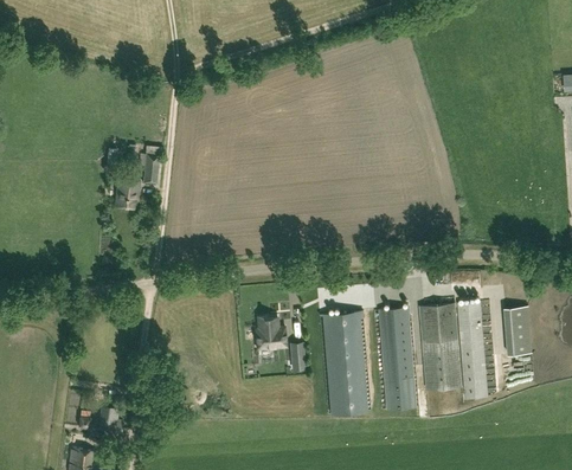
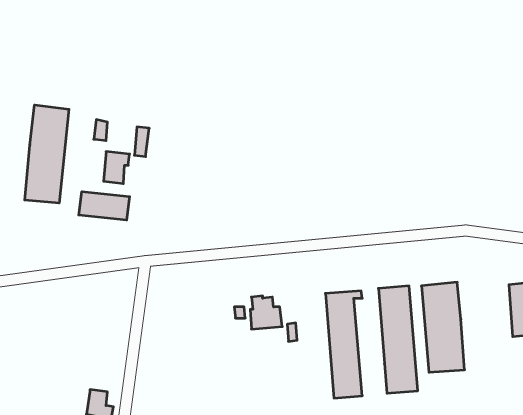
building: none -> [25,105,69,203]
building: none -> [79,192,130,220]
building: [458,302,487,399] -> none

